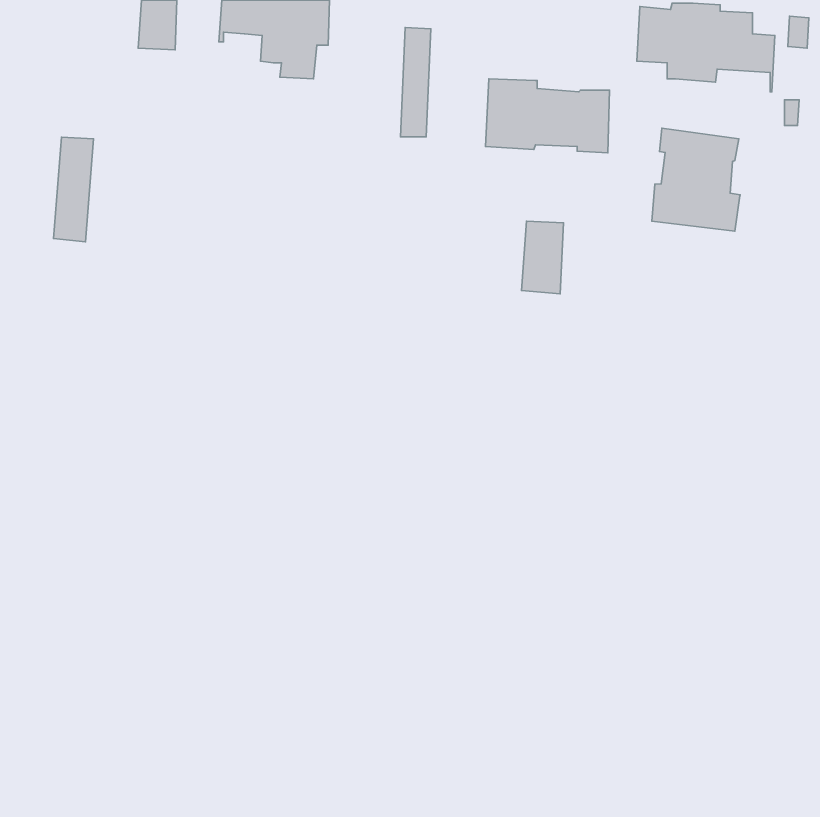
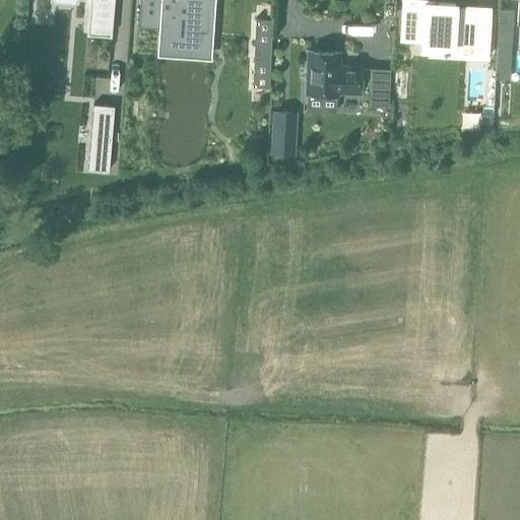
building: [652,128,740,231] -> none
building: [53,137,94,242] -> [89,108,115,174]
building: [522,221,563,294] -> [271,113,298,158]

